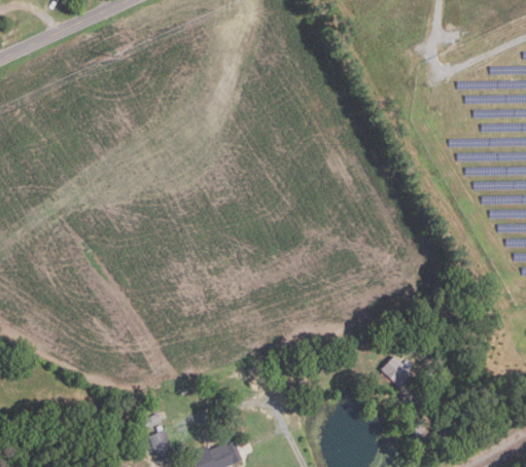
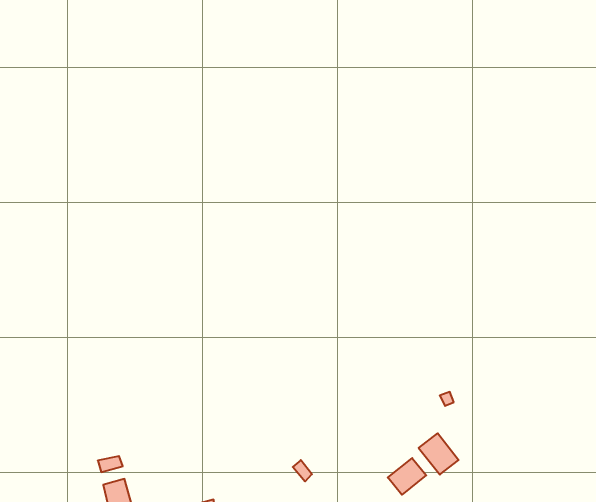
building: none -> [388,458,426,495]

